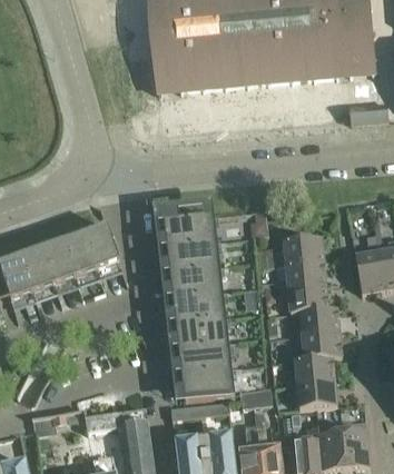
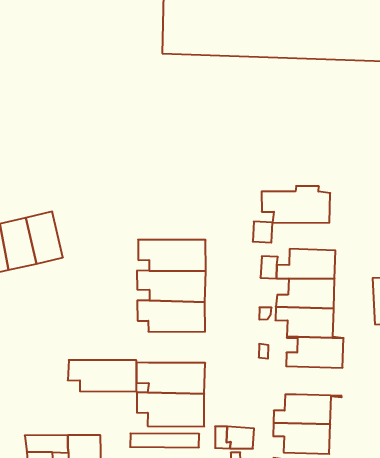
building: [154,210,213,245] -> [262,186,330,223]
building: [83,224,119,268] -> none
building: [166,315,225,346] -> [68,360,137,391]
building: [292,330,341,357] -> none

